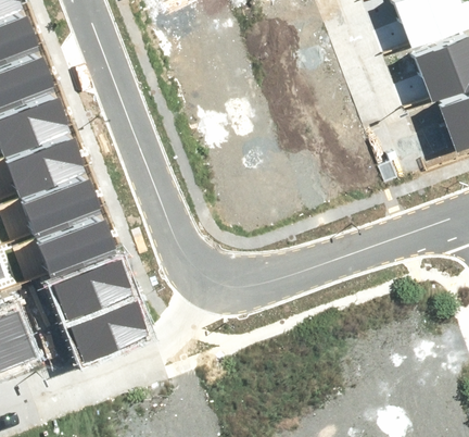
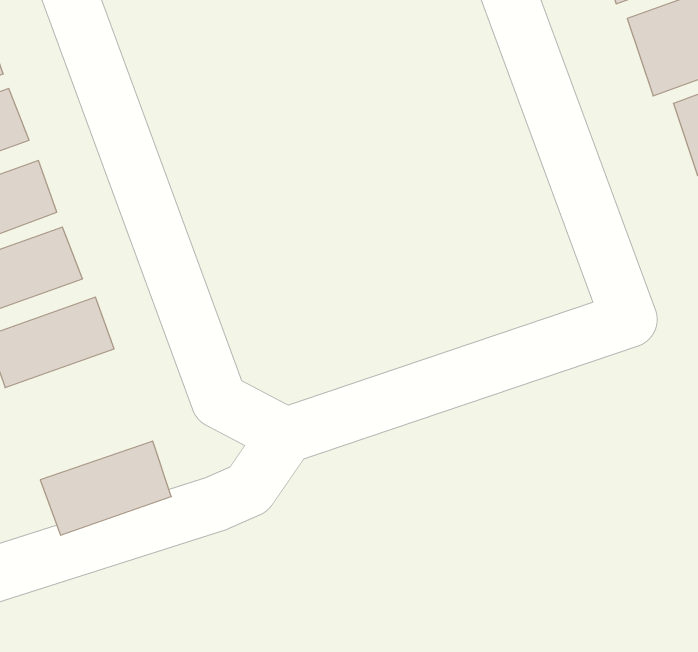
building: [55,263,132,317] -> none

